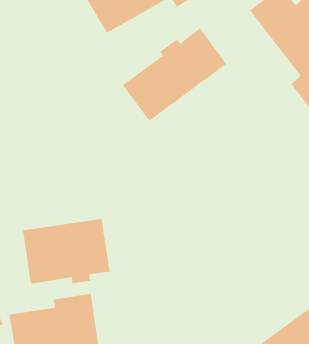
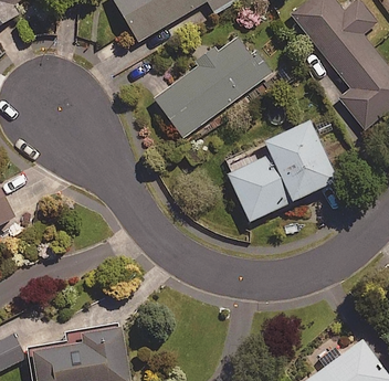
building: none -> [227,120,336,221]
building: [23,218,110,285] -> none

